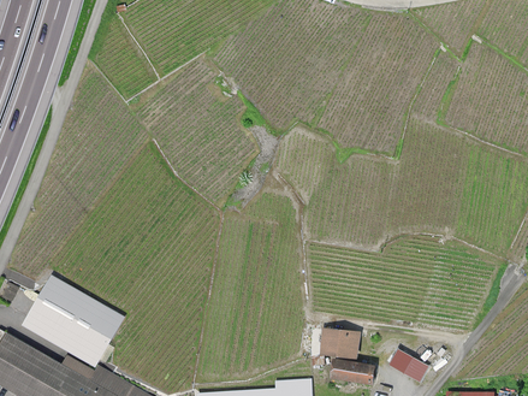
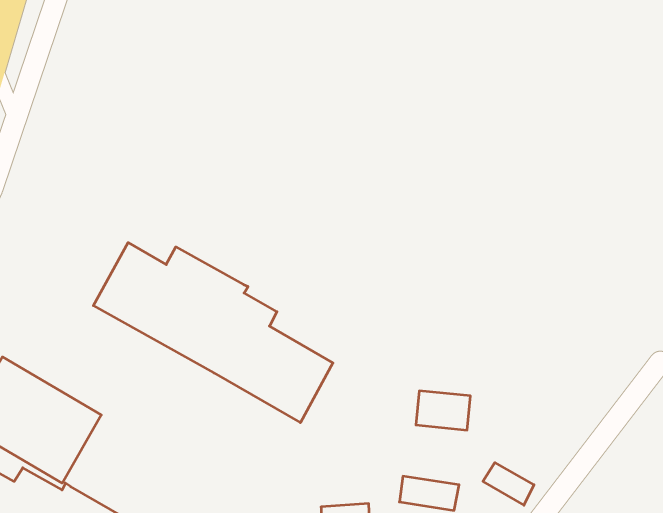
building: none -> [93,243,333,423]
building: [320,329,358,356] -> [416,391,470,430]

